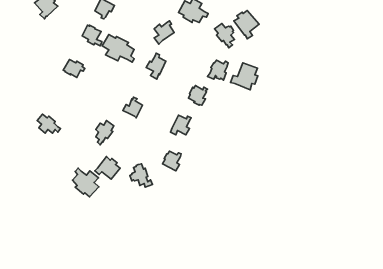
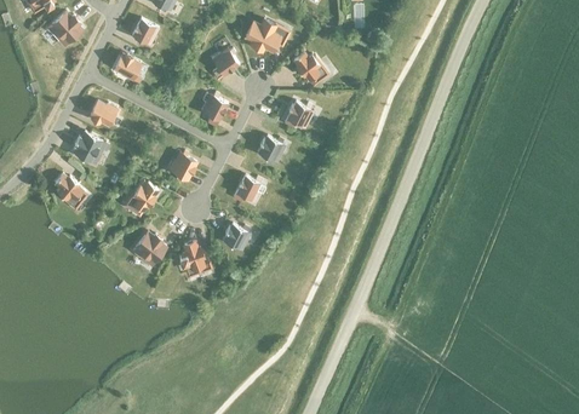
building: [234,11,259,39] -> none
building: [102,34,134,62] -> none
building: [231,63,258,90] -> none
building: none -> [71,132,105,162]
building: [72,168,99,197] -> none

